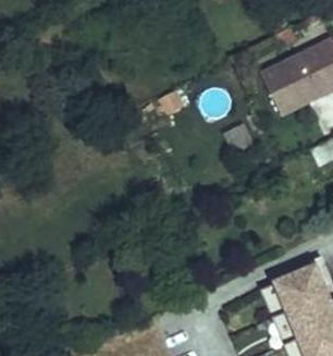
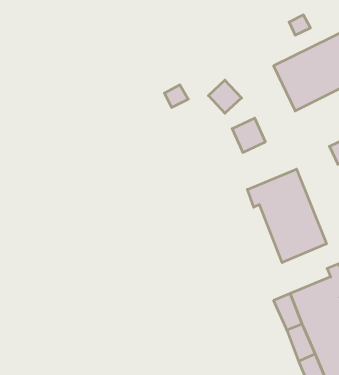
building: none -> [247,169,326,263]

